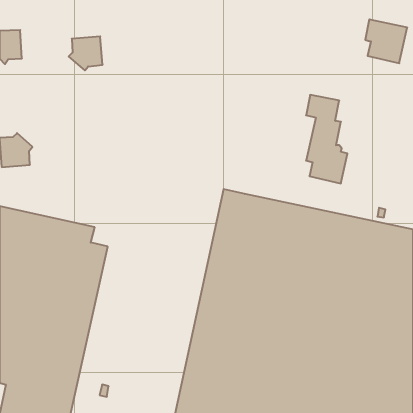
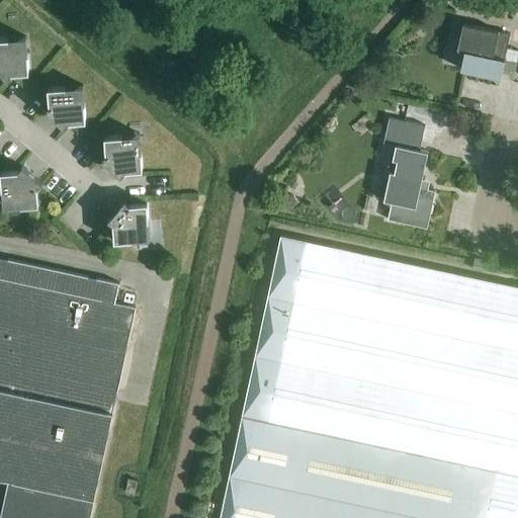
building: [69,36,103,70] -> [42,88,85,131]
building: none -> [100,137,142,179]
building: none -> [106,202,149,244]

